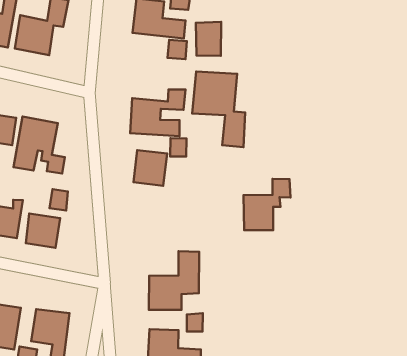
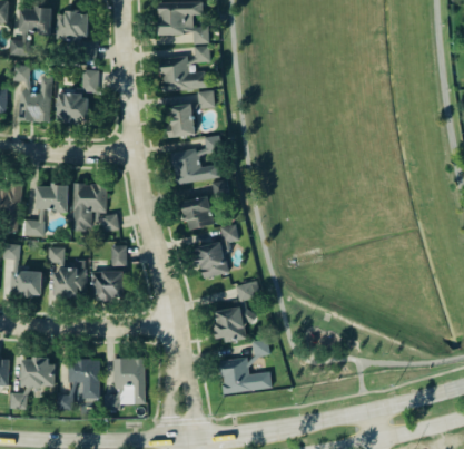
building: [196,22,221,56] -> [168,103,196,137]
building: [192,72,245,147] -> none
building: [243,179,290,230] -> [196,224,239,277]

